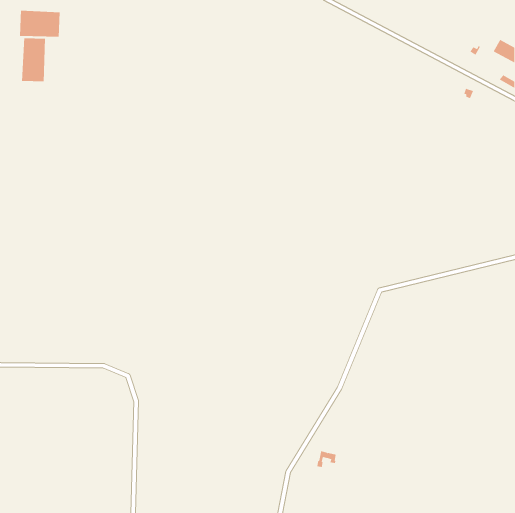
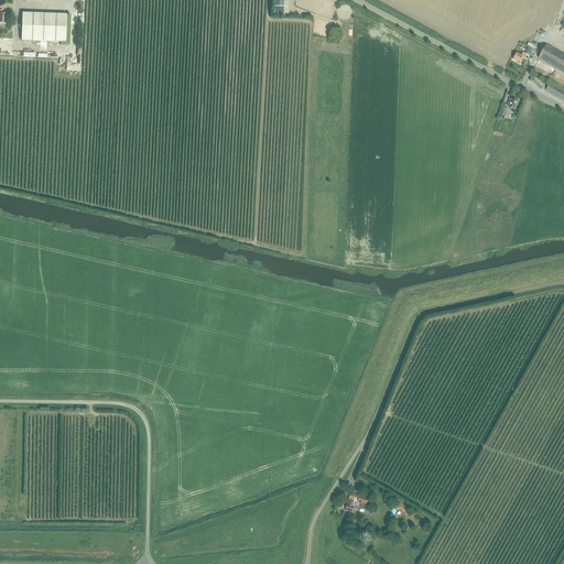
building: [22,37,45,82] -> none

